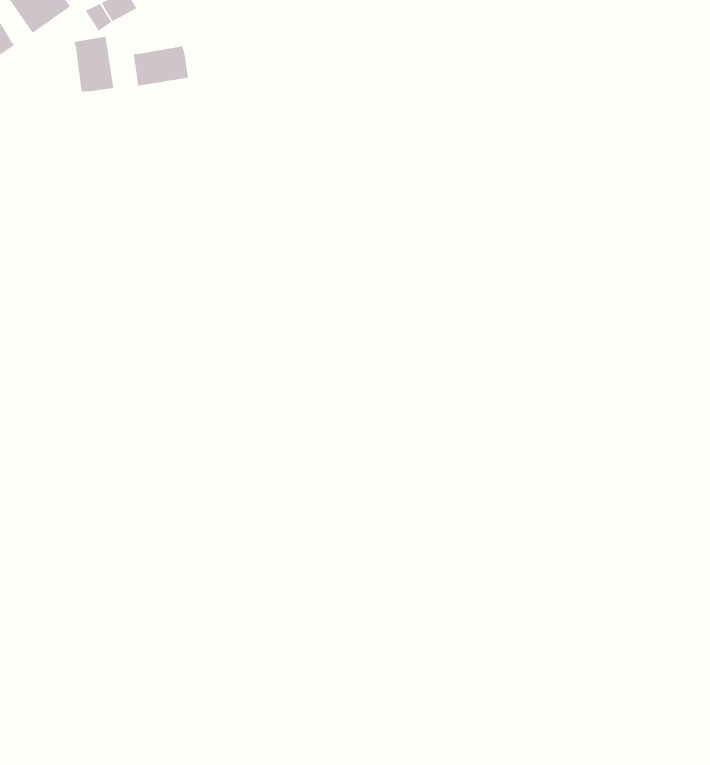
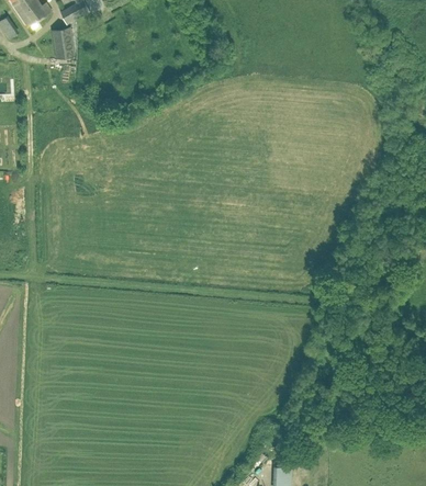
building: [133,45,189,87] -> none

